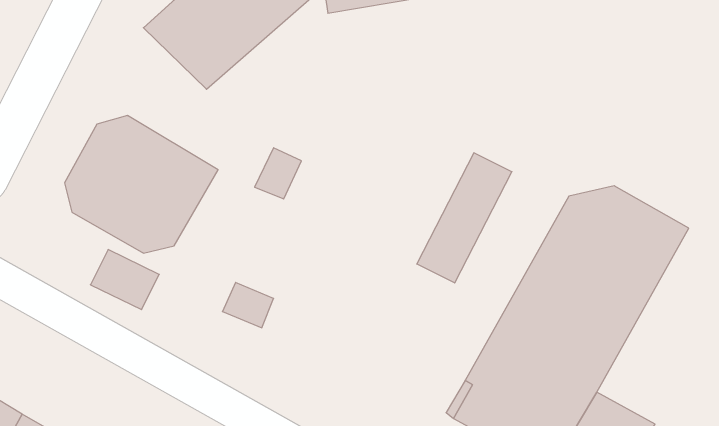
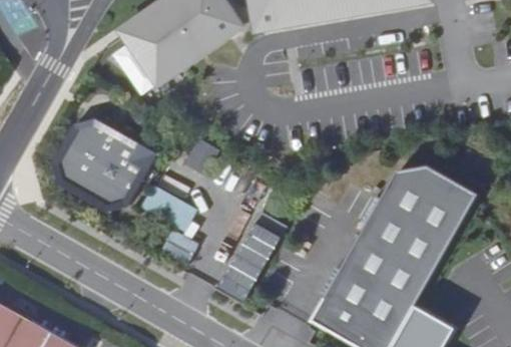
building: [417,153,512,283] -> [218,209,284,298]
building: [90,250,159,310] -> [138,183,185,224]

